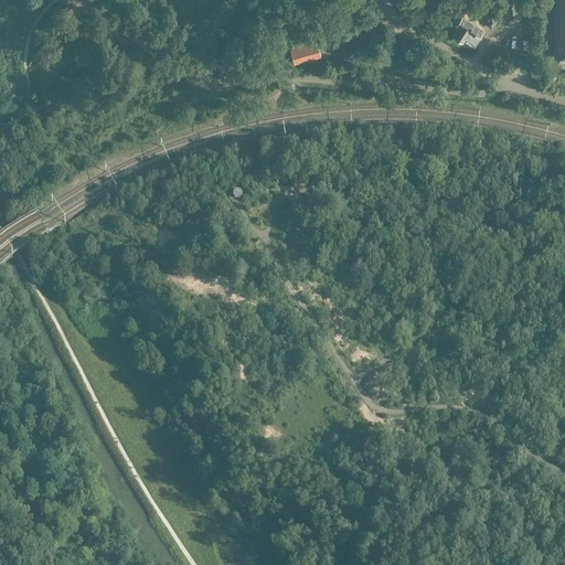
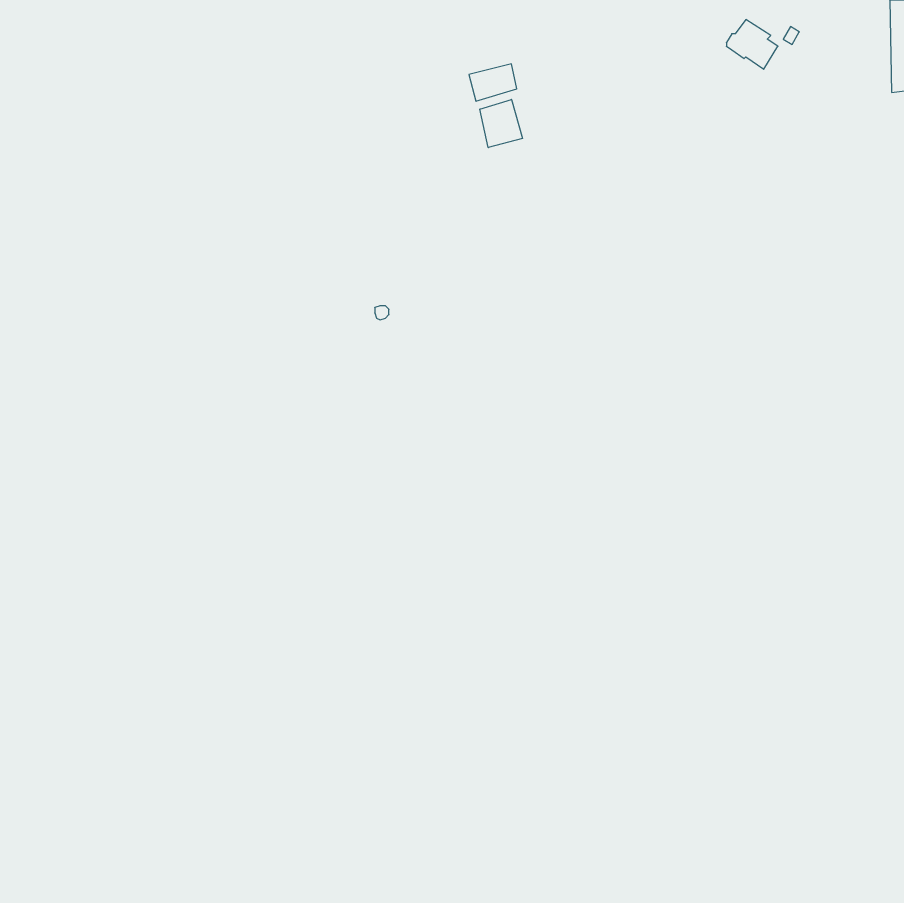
building: none -> [480,99,523,148]

